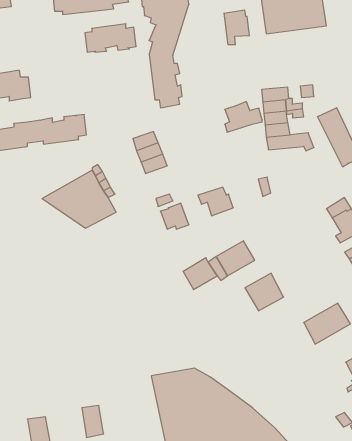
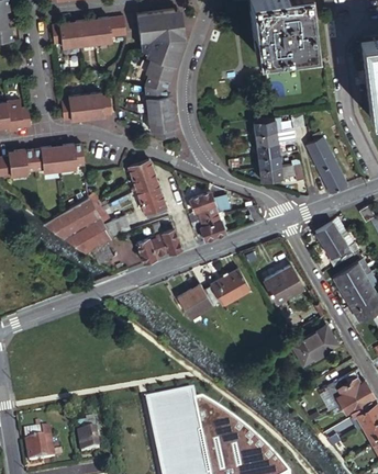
building: [224,10,249,45] -> none
building: [85,24,136,52] -> [62,94,111,122]
building: [225,102,262,132] -> [190,193,226,223]
building: none -> [142,194,169,221]
building: none -> [136,238,163,266]
building: [245,273,284,311] -> [263,258,300,294]

